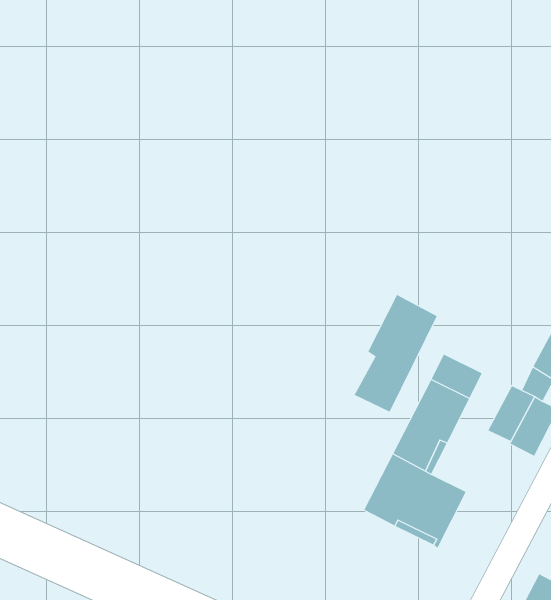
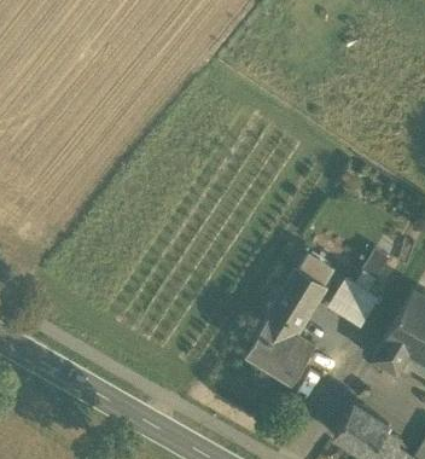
building: [354,294,437,412] -> none

